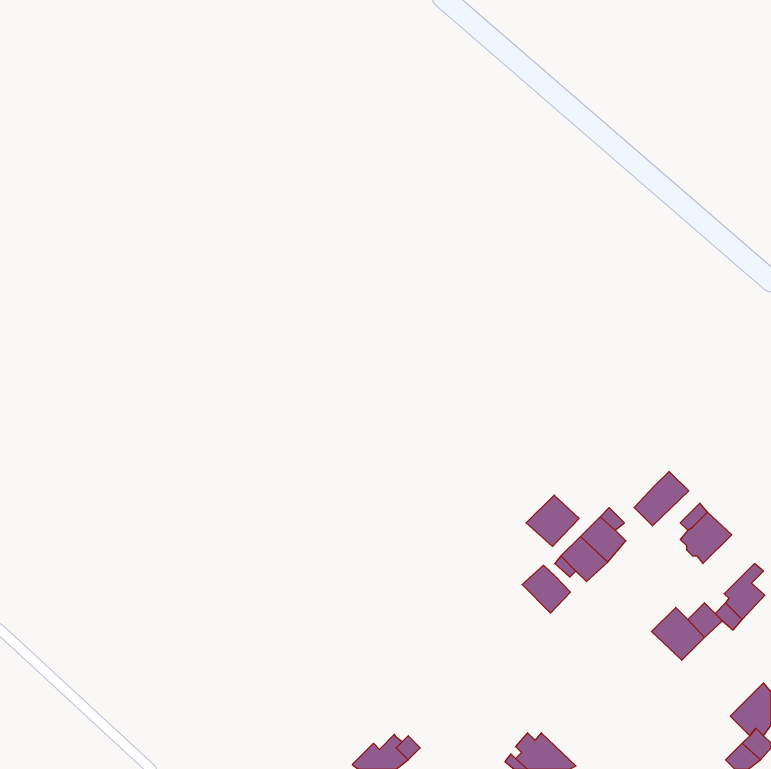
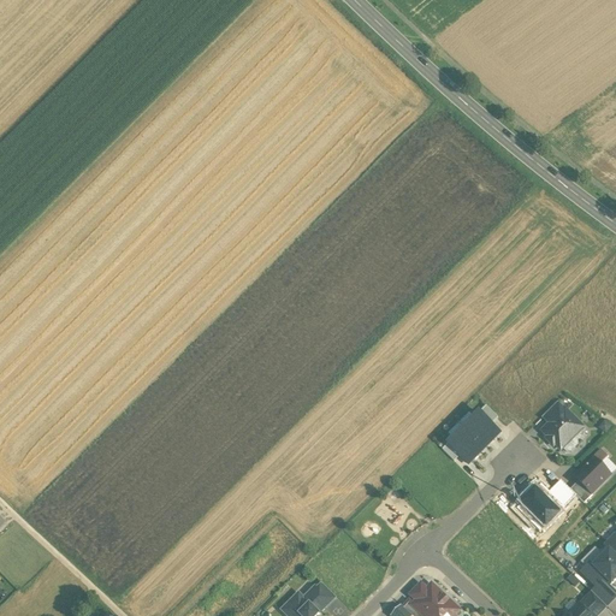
building: [634,471,689,526] -> none
building: [526,495,579,546] -> none
building: [522,565,570,613] -> none

